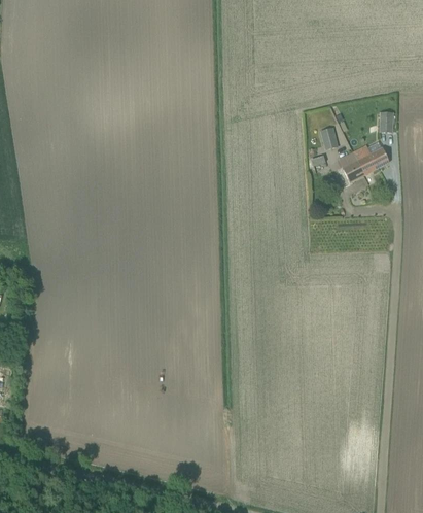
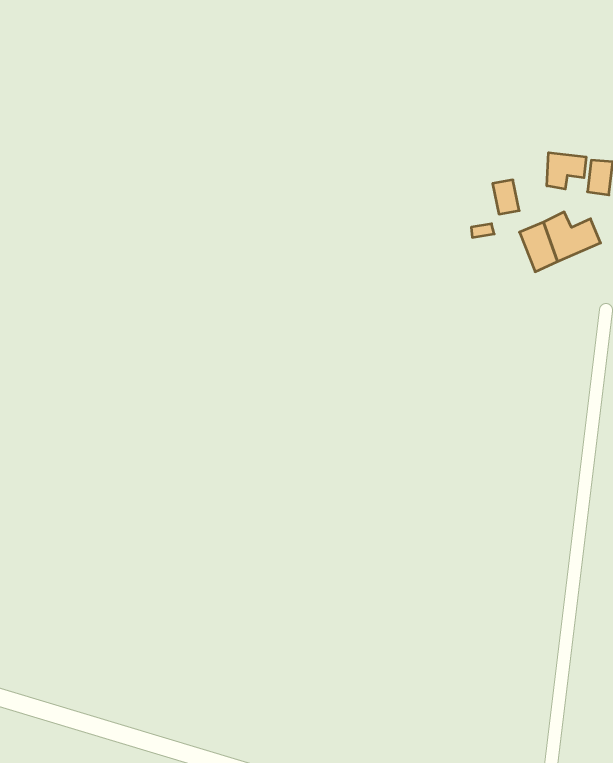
building: none -> [547,153,586,189]

